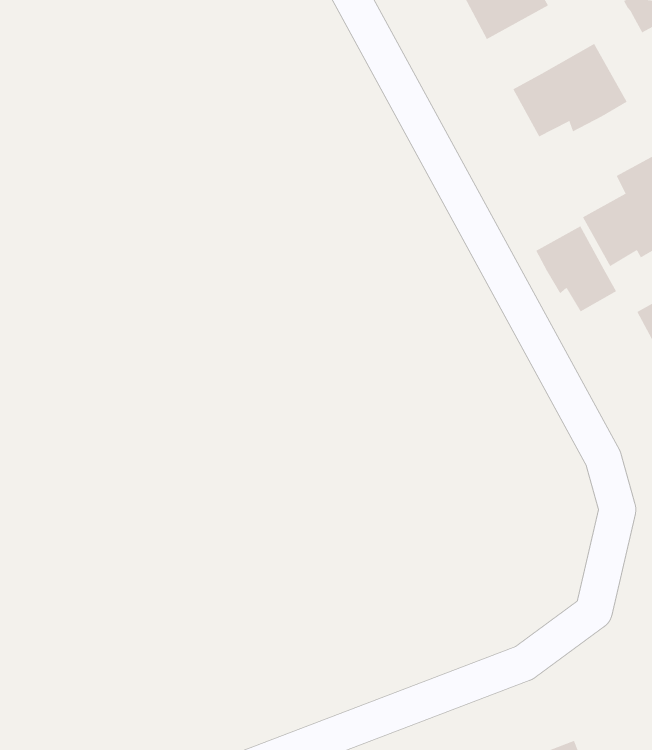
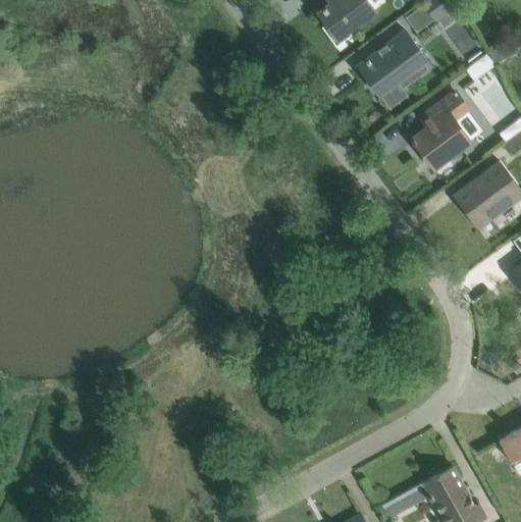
building: [535,226,617,312] -> none

